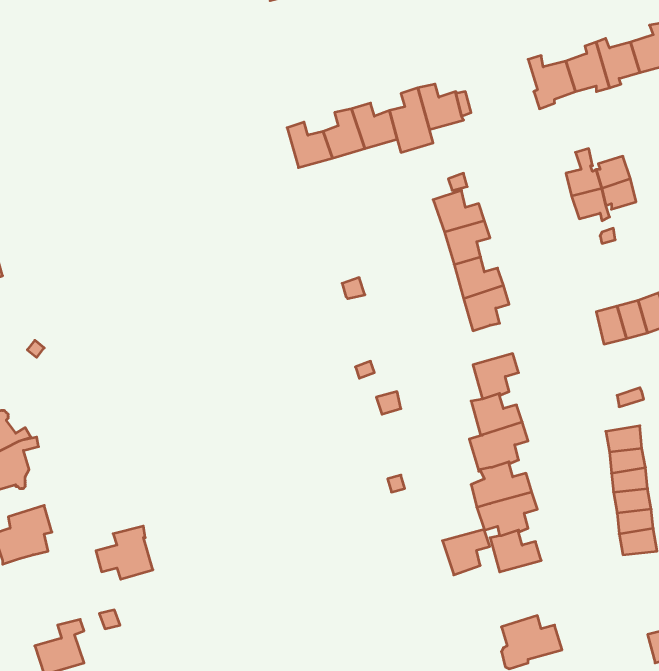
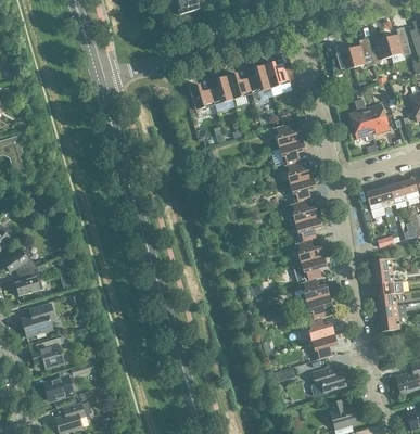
building: none -> [285,200,318,225]
building: [96,526,153,579] -> [31,337,64,368]
building: [442,529,490,575] -> [310,334,338,360]

